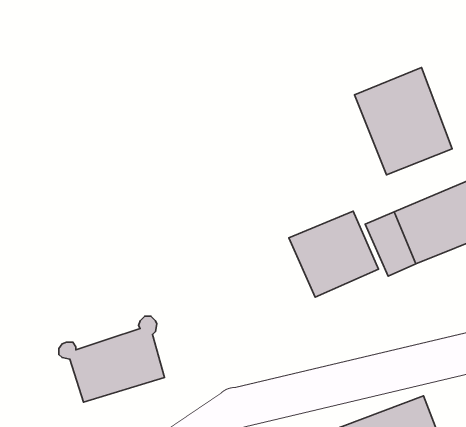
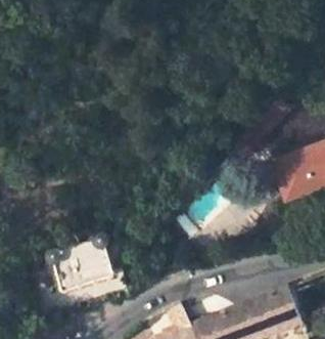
building: [354,68,452,175] -> none
building: [289,211,379,297] -> none

